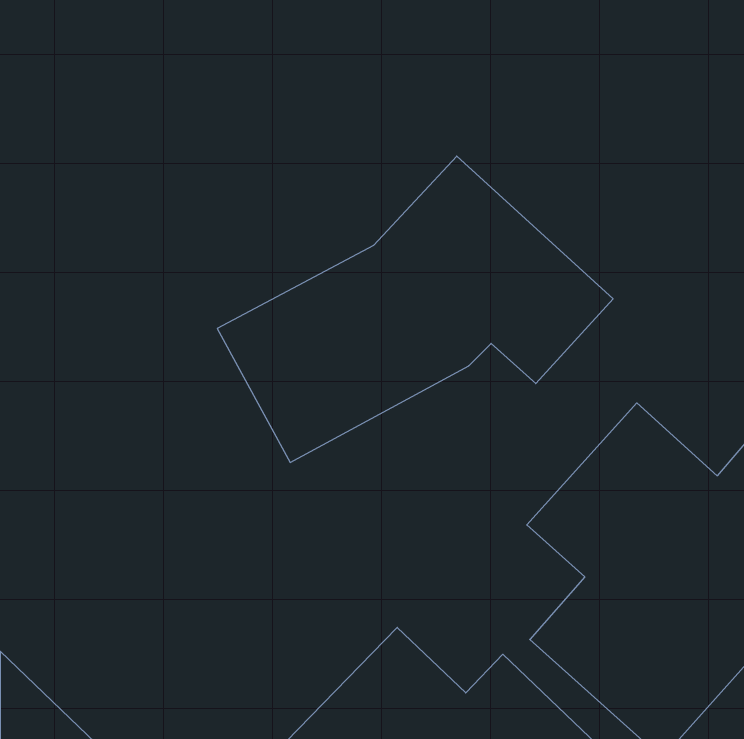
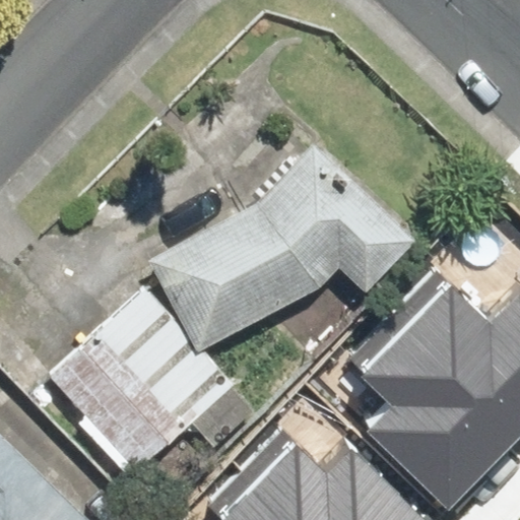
building: none -> [50,303,234,485]

